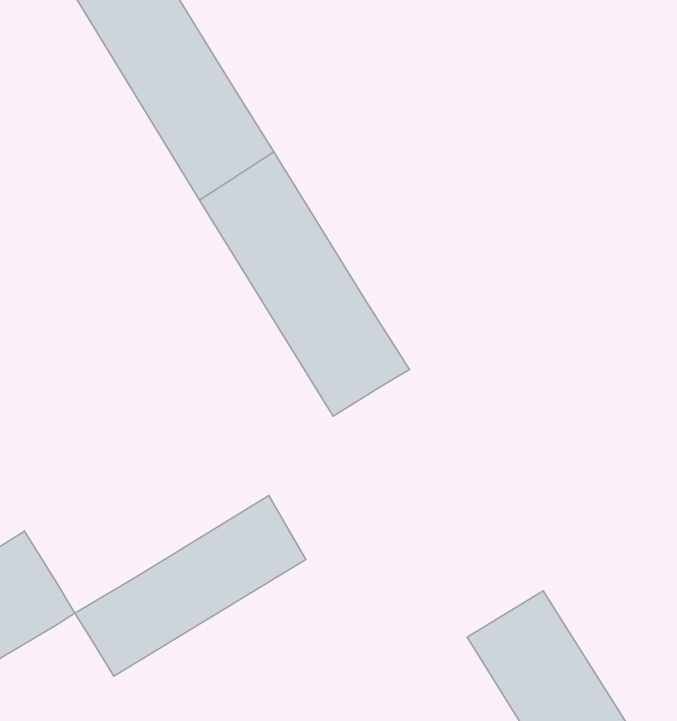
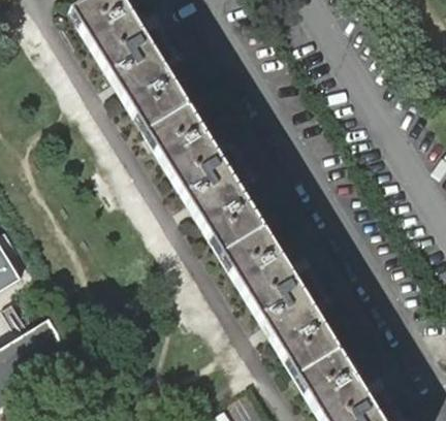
building: none -> [223,225,340,374]
building: [75,496,306,676] -> none

